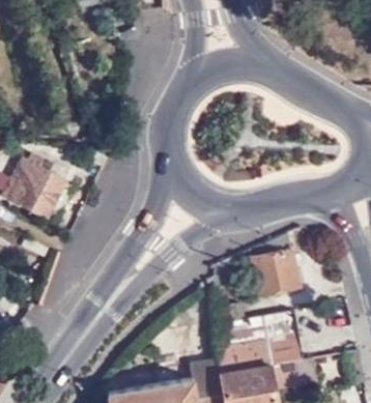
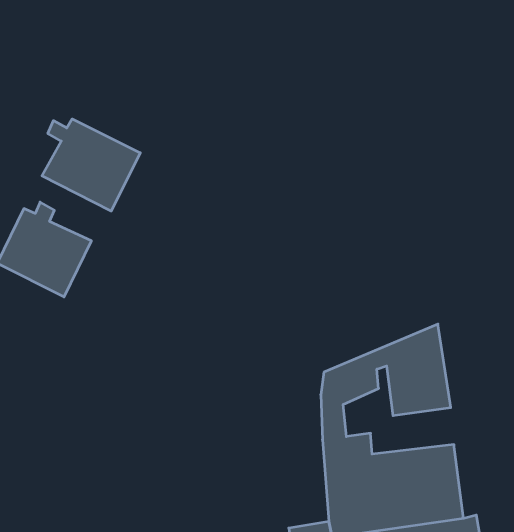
building: none -> [42,119,140,211]

